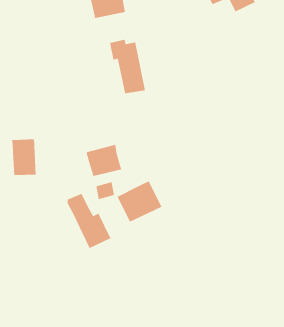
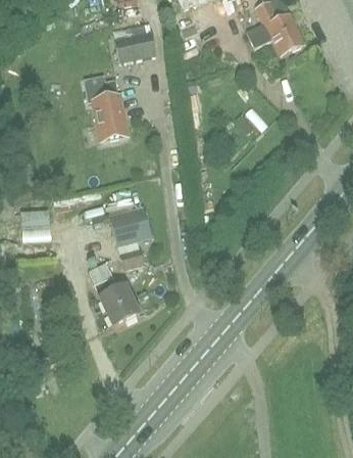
building: [109,39,146,94] -> [85,76,127,139]
building: [116,180,163,223] -> none

